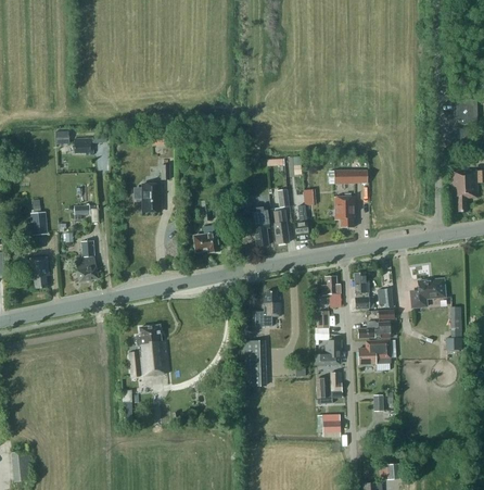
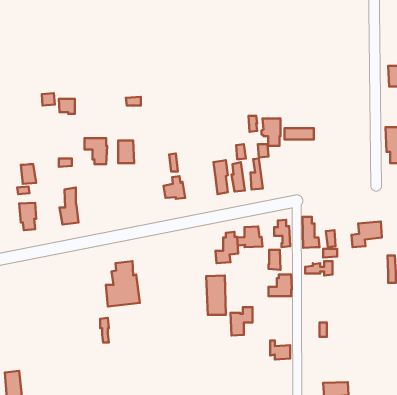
building: none -> [84,138,107,164]
building: [332,197,354,228] -> [261,118,280,146]
building: none -> [237,226,263,247]
building: [357,341,389,364] -> none
building: [316,372,341,404] -> [231,307,252,336]

